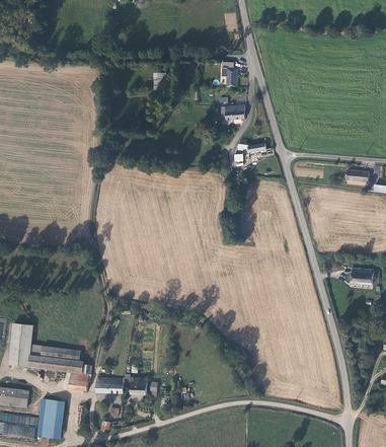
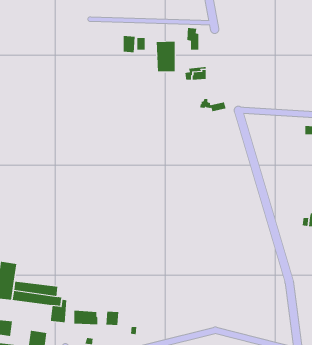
building: none -> [156,41,175,72]

